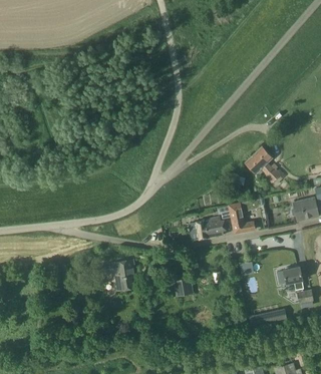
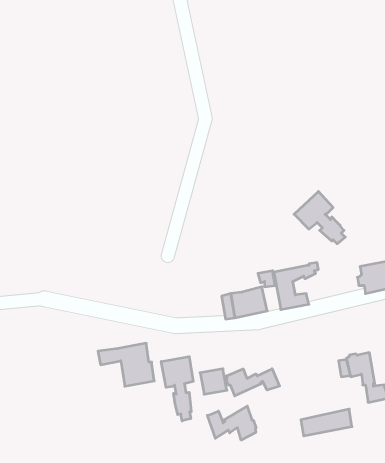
building: none -> [161,357,193,421]
building: none -> [226,369,280,396]
building: none -> [207,406,256,440]

